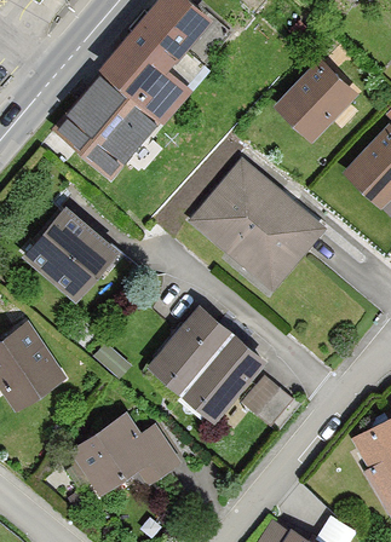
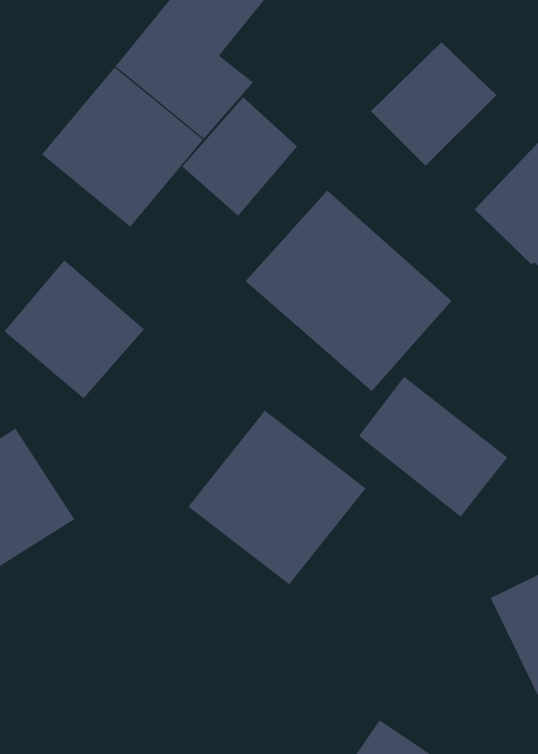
building: none -> [181,97,298,216]
building: none -> [358,376,508,517]
building: [241,375,293,426] -> none
building: [69,411,180,495] -> none

